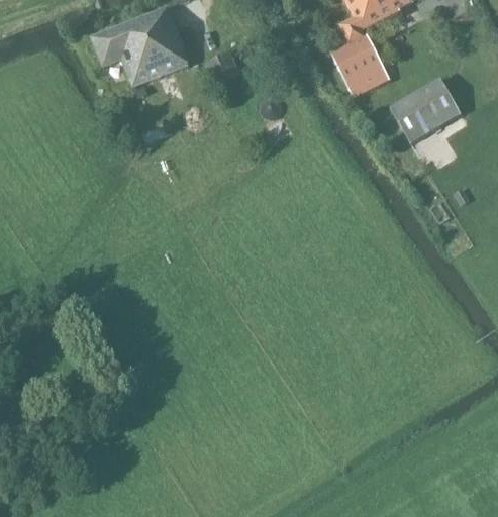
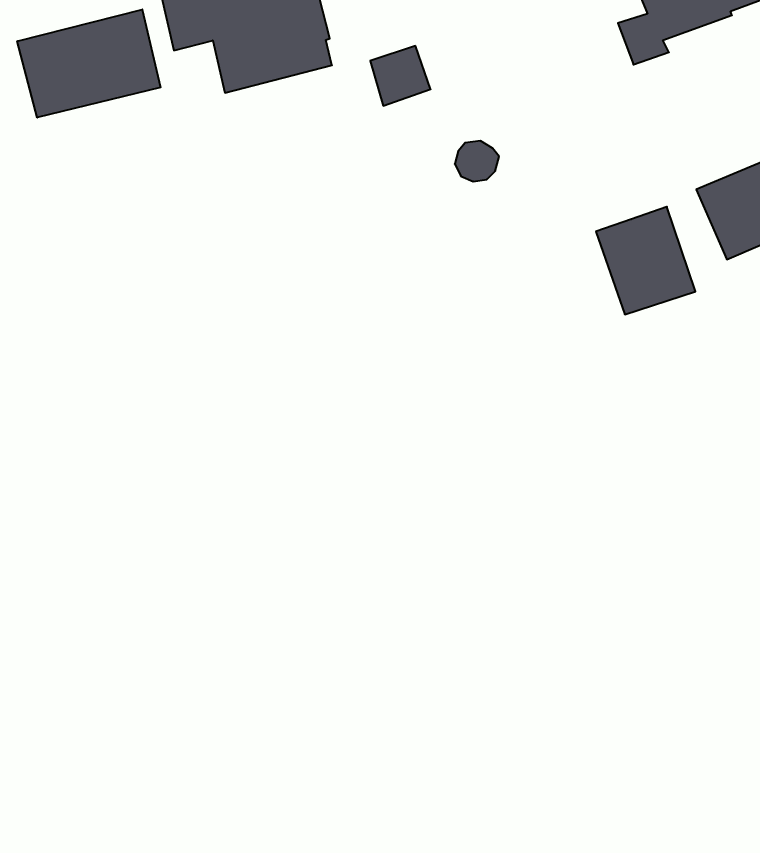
building: [330,34,388,95] -> [596,207,695,314]
building: none -> [17,9,161,118]

